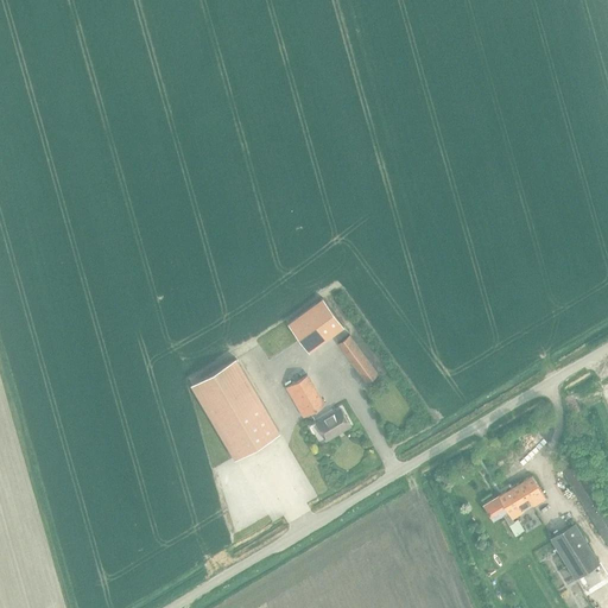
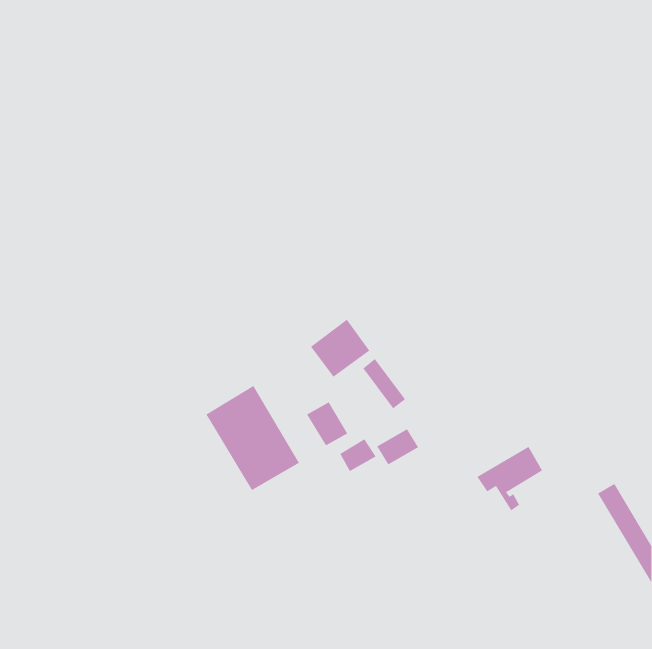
building: none -> [376,429,419,465]
building: [483,477,545,538] -> [476,446,543,511]
building: [549,521,601,580] -> none

